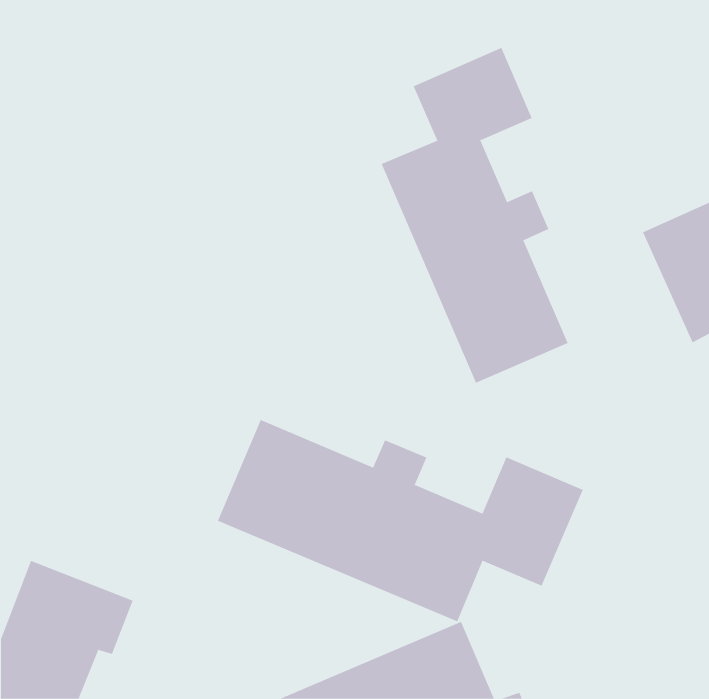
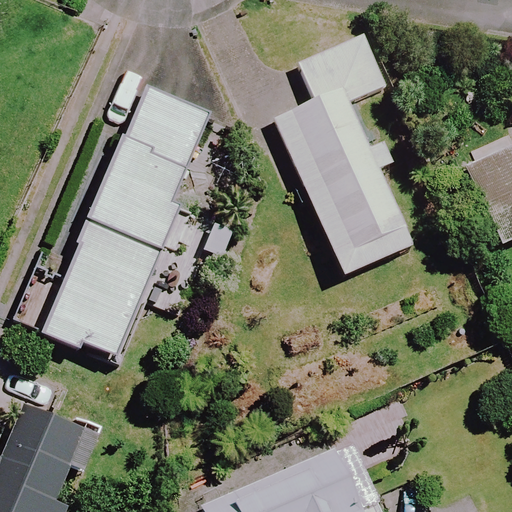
building: none -> [43,87,207,362]
building: [217,419,584,622] -> none

